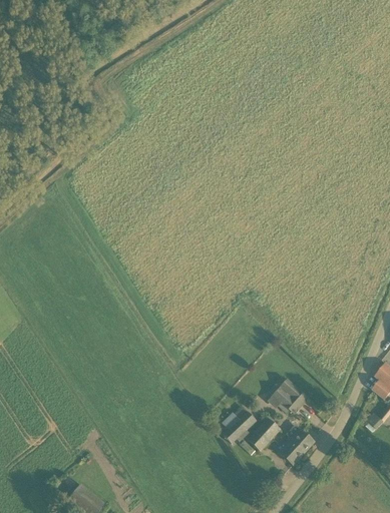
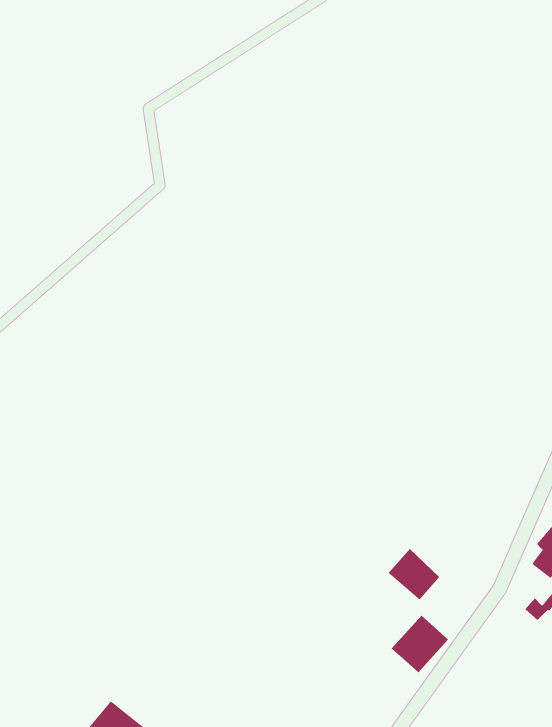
building: [221,412,256,445] -> none
building: [250,418,280,448] -> none

